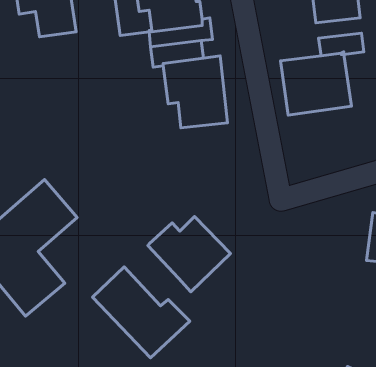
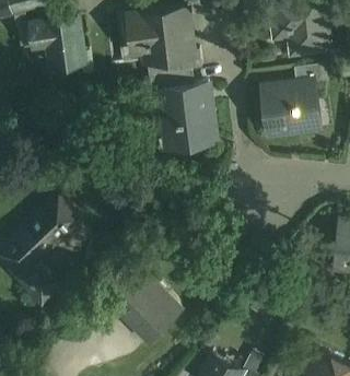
building: [148,216,230,292] -> none

